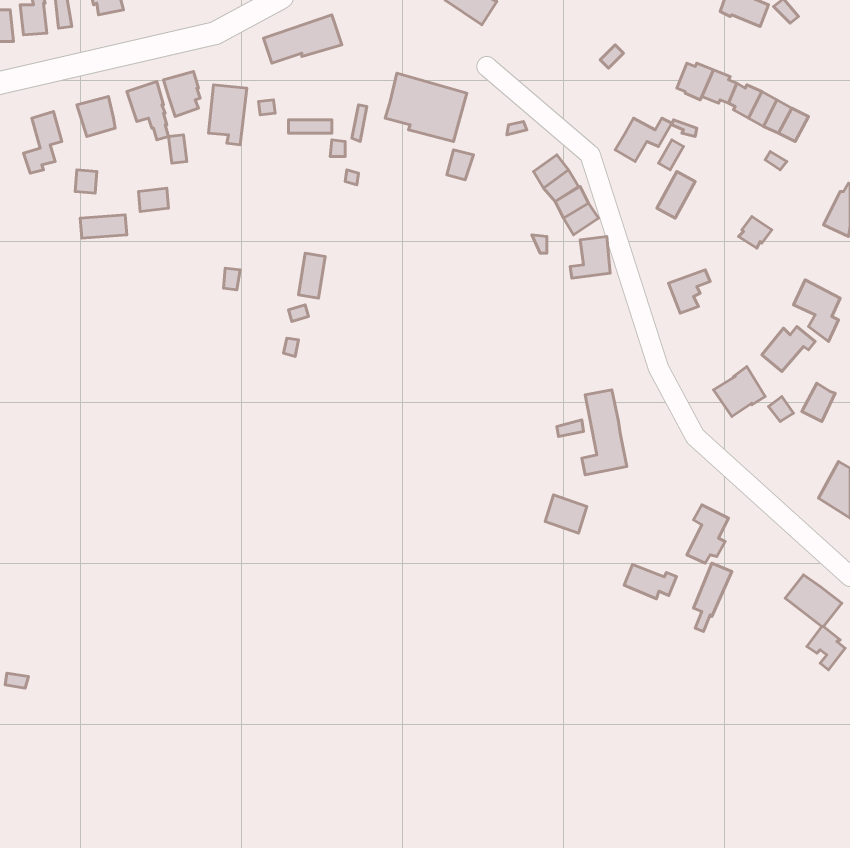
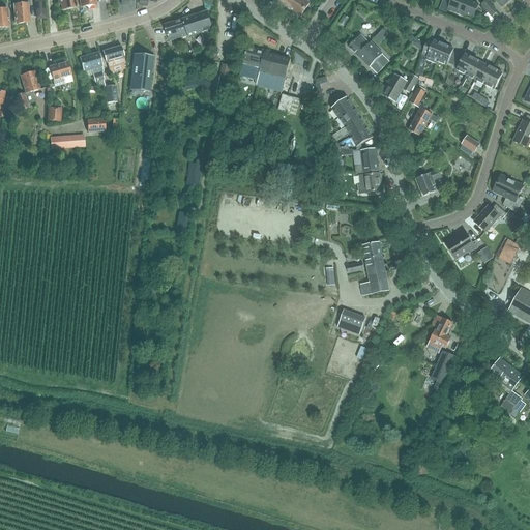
building: none -> [348,33,388,71]
building: none -> [352,172,382,192]
building: [624,565,677,599] -> none

